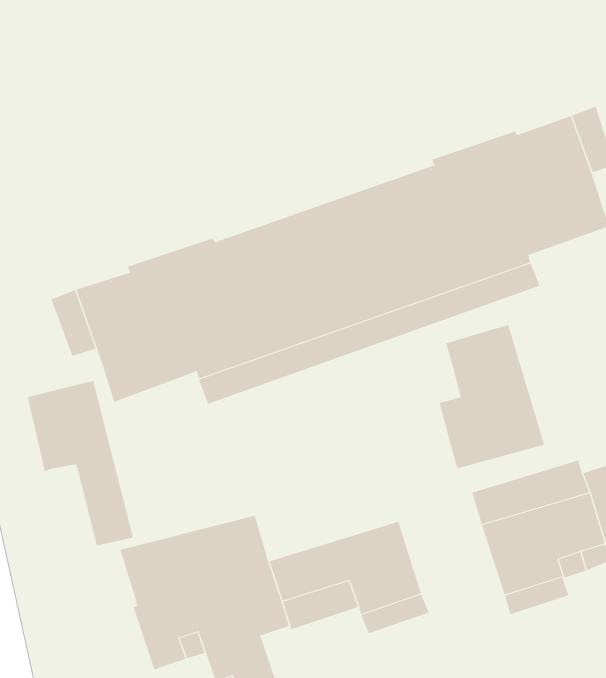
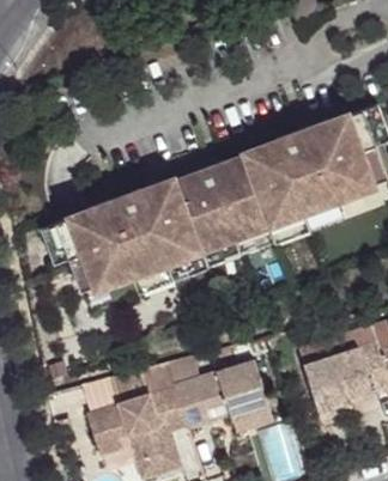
building: [439,324,545,469] -> none
building: [27,380,133,546] -> none

